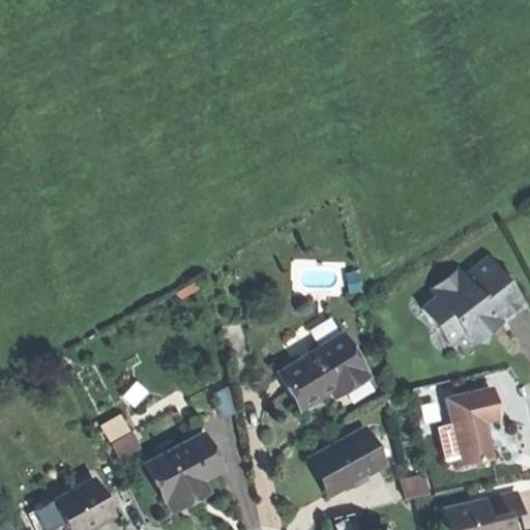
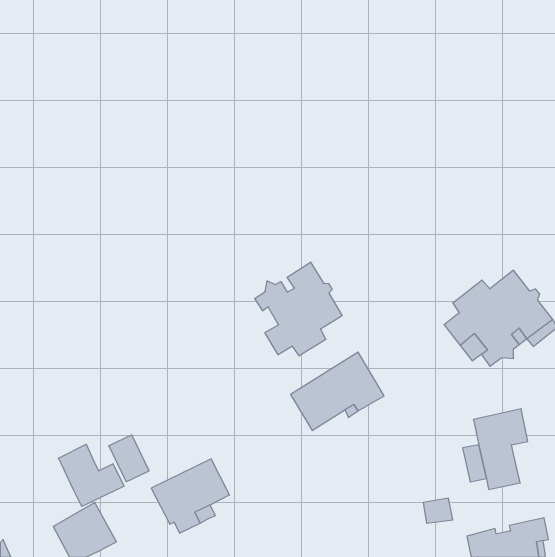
building: none -> [255,262,342,356]
building: none -> [58,444,124,506]
building: [310,434,385,499] -> none

